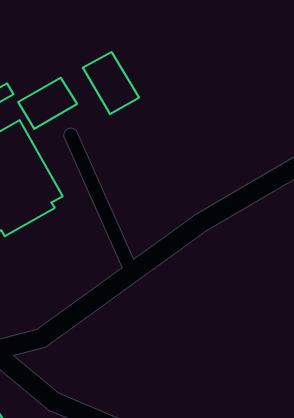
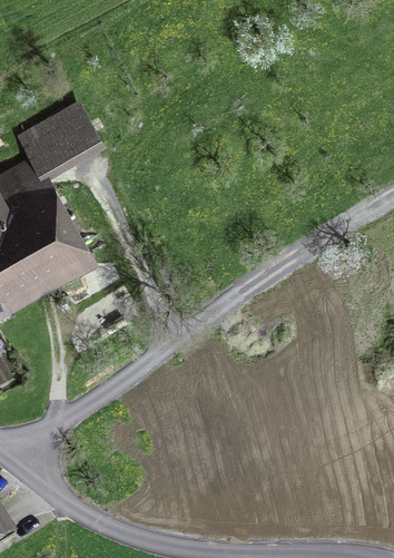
building: [83,52,139,114] -> none

